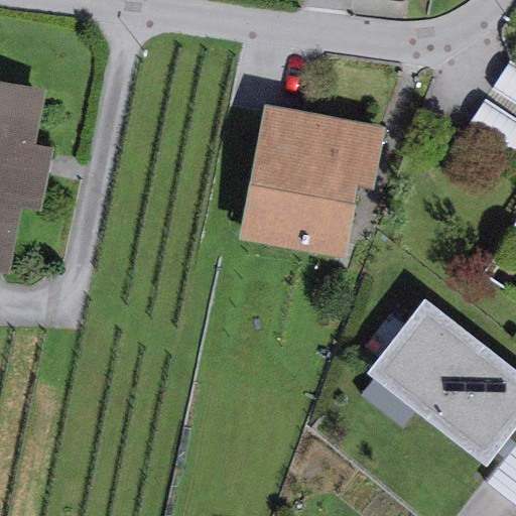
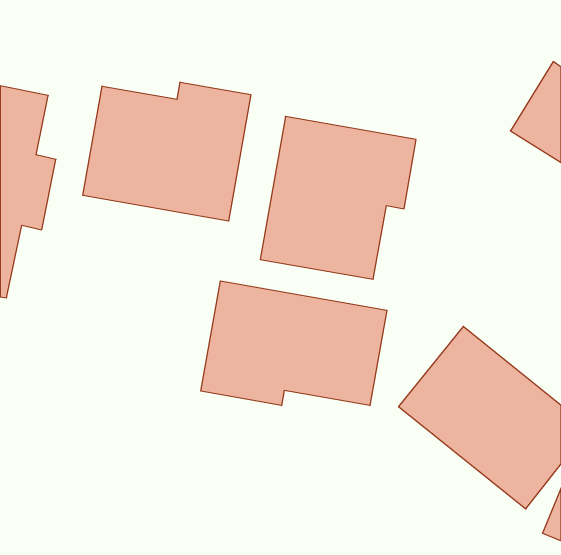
building: none -> [83,82,251,221]
building: none -> [201,281,387,406]

